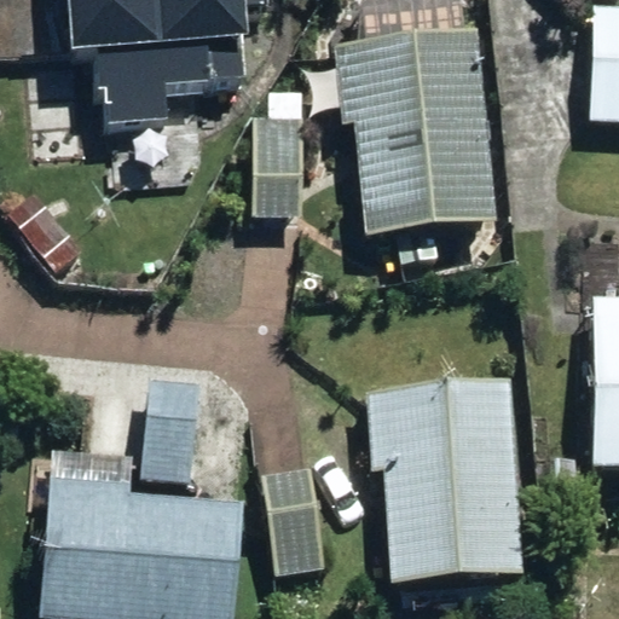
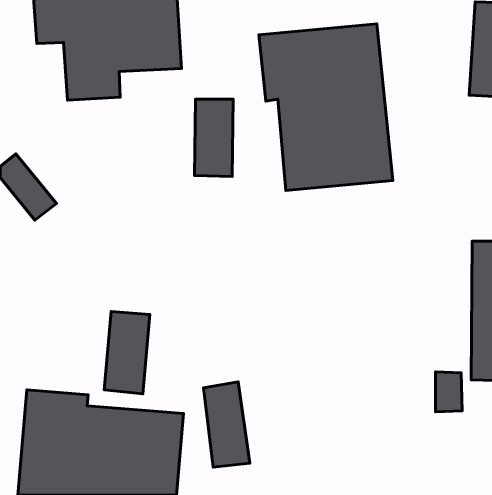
building: [366,383,521,582] -> none

